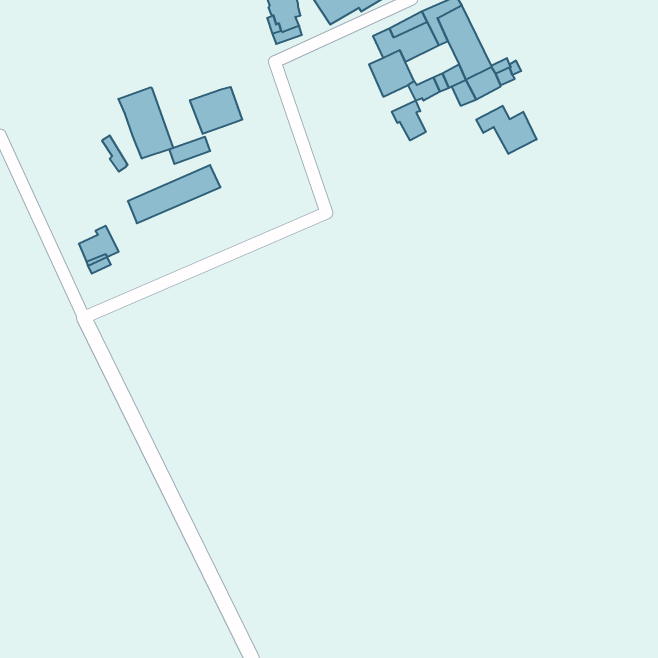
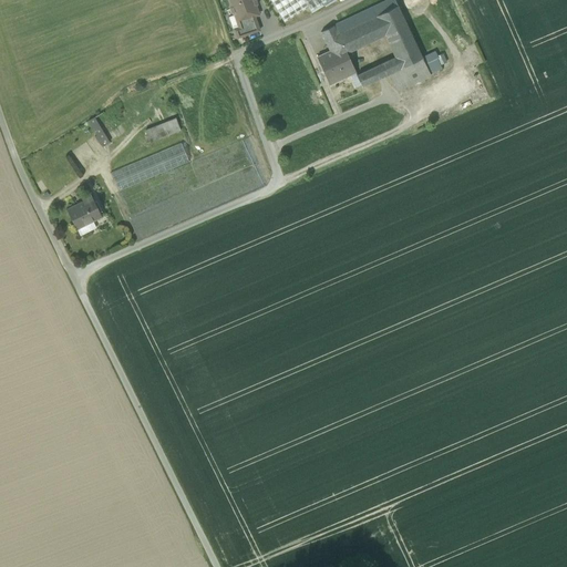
building: [190,87,242,134] -> none
building: [118,87,173,159] -> none
building: [392,101,426,140] -> none
building: [476,106,537,154] -> none

